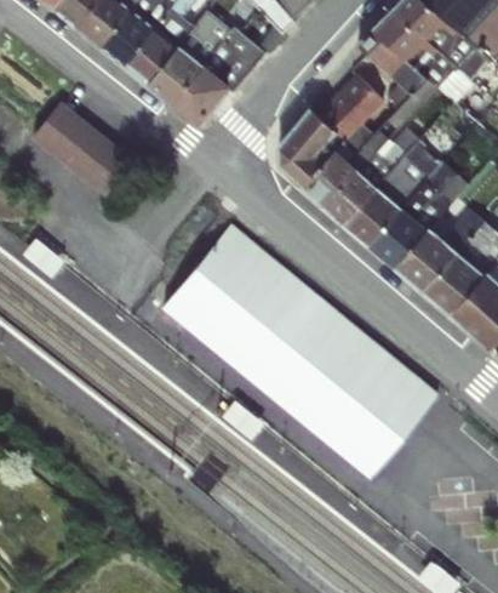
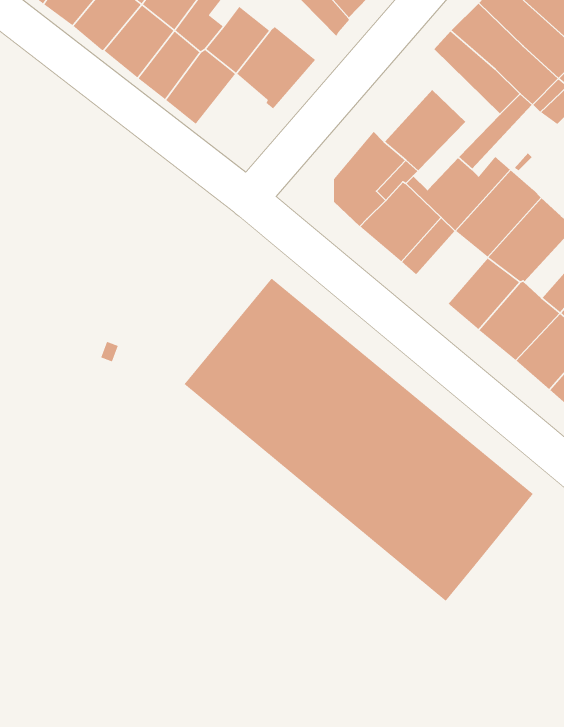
building: [172,63,228,122] -> none
building: [32,99,134,195] -> none
building: [344,187,401,244] -> none

